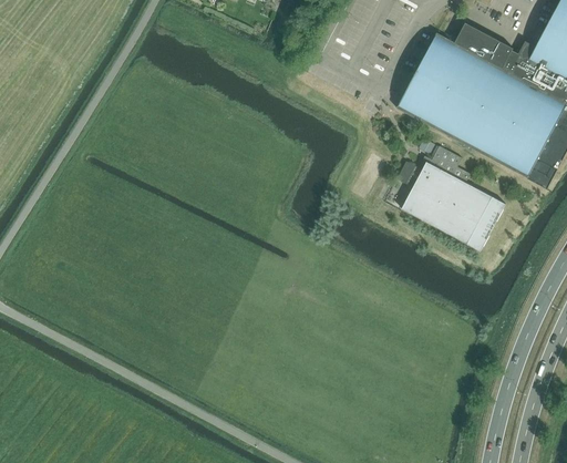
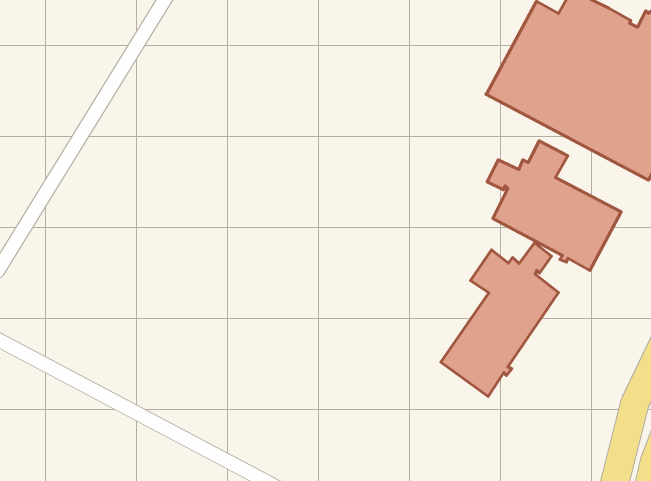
building: none -> [441,243,559,397]

